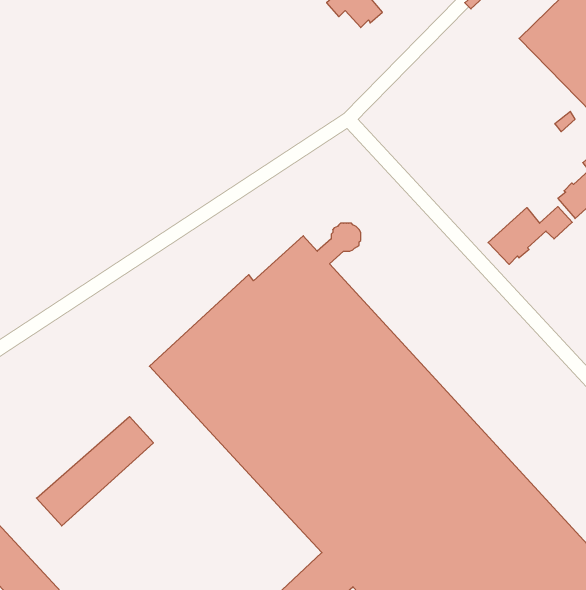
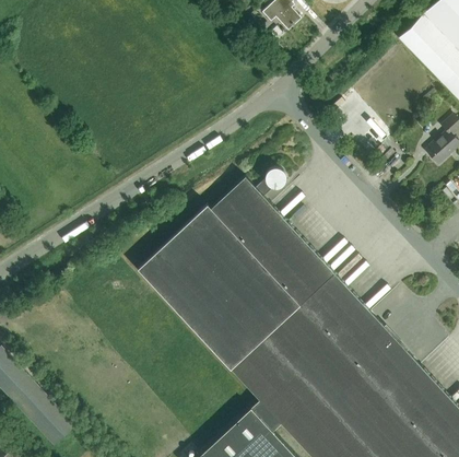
building: [488,207,572,264] -> none
building: [36,417,153,526] -> none

